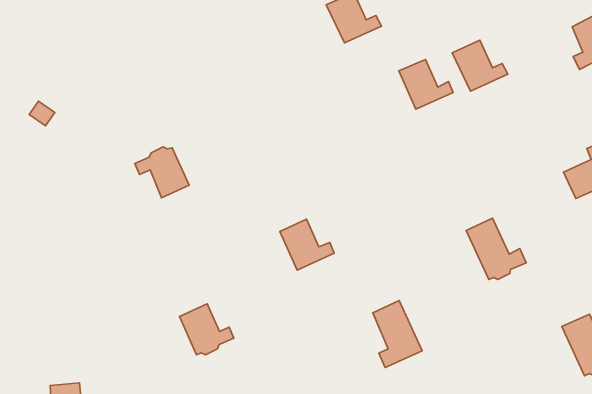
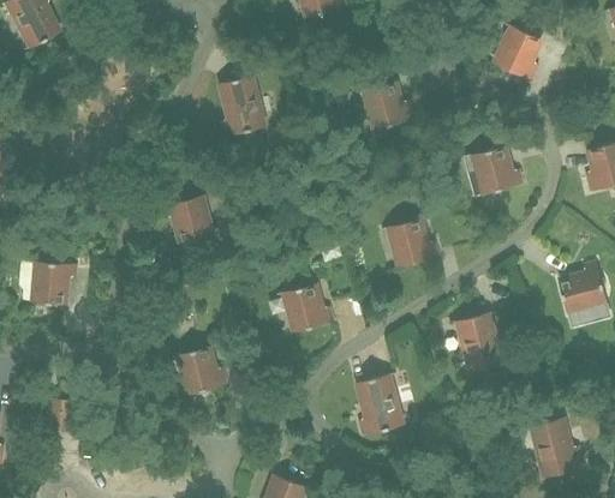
building: none -> [220,77,261,136]
building: [399,60,453,109] -> [390,221,437,265]
building: none -> [35,260,77,305]

